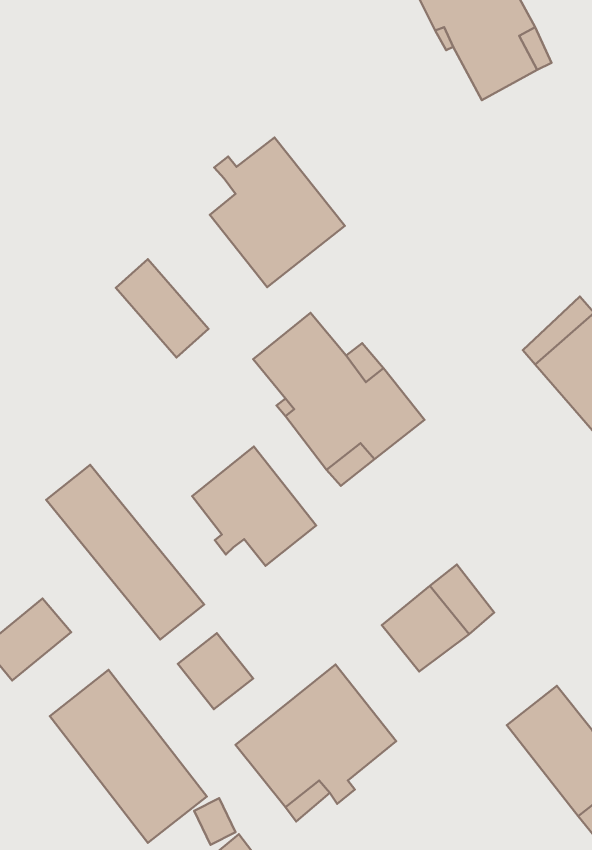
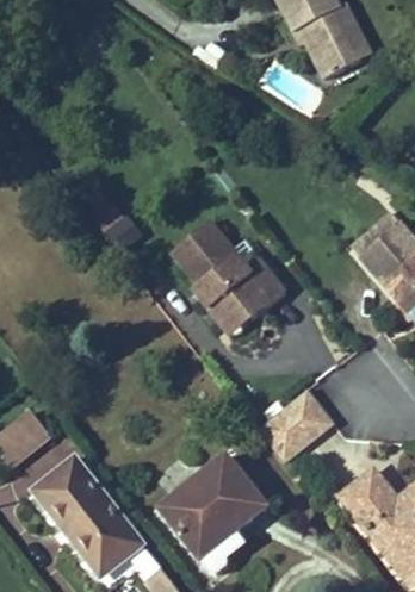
building: [210,138,345,287] -> none
building: [192,446,316,566] -> none
building: [46,465,204,639] -> none
building: [178,633,253,709] -> none

